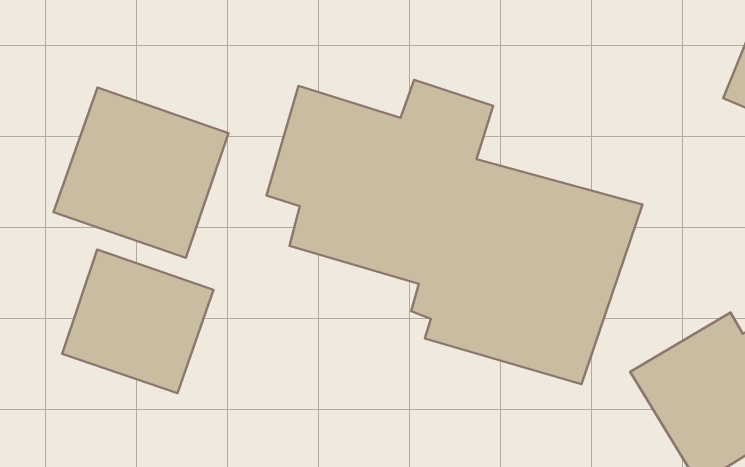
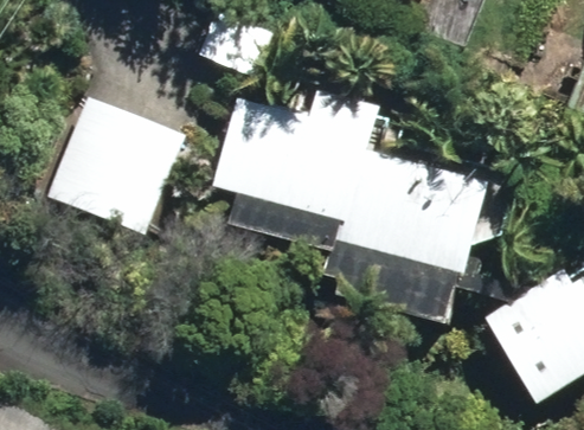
building: [62,250,214,393] -> none

